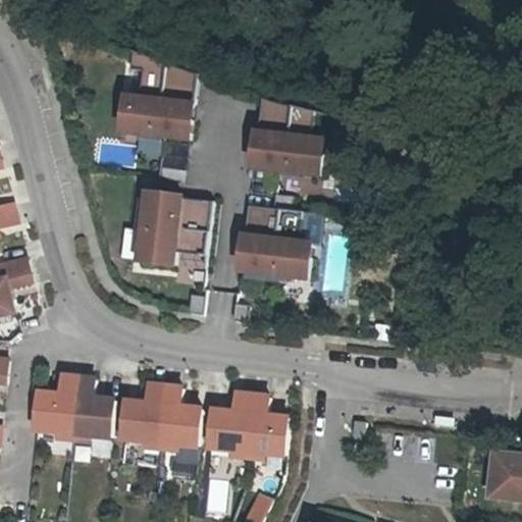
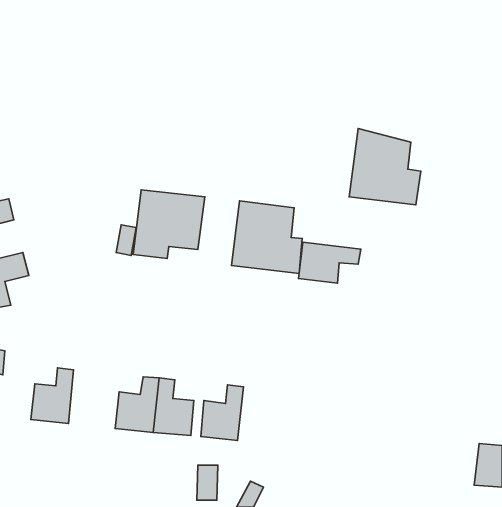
building: [120,56,195,138] -> none
building: [250,98,323,176] -> [349,128,421,205]
building: none -> [299,242,361,283]
building: [70,379,112,438] -> none
building: [244,397,286,456] -> none

